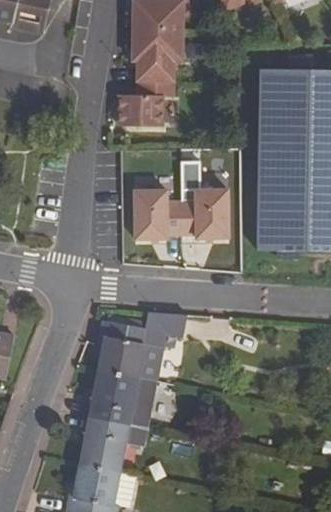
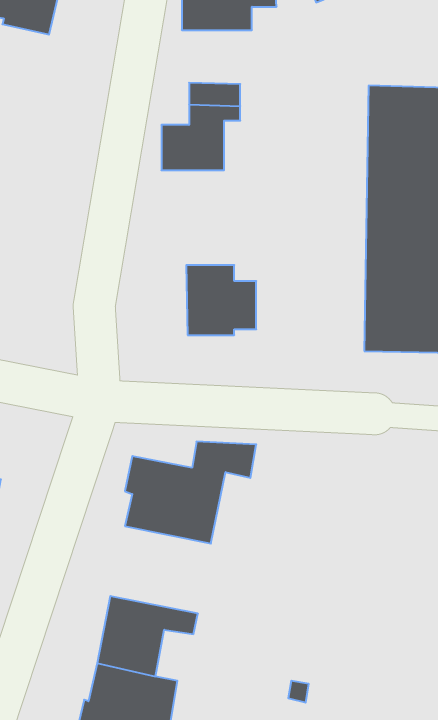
building: [133,30,181,60] -> none
building: [184,190,231,239] -> none
building: [84,370,153,430] -> none

